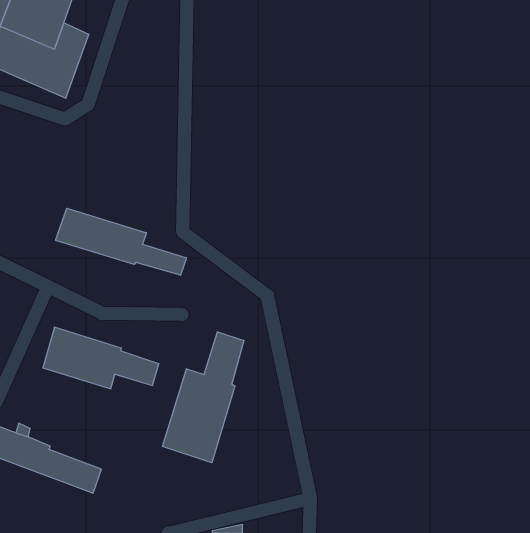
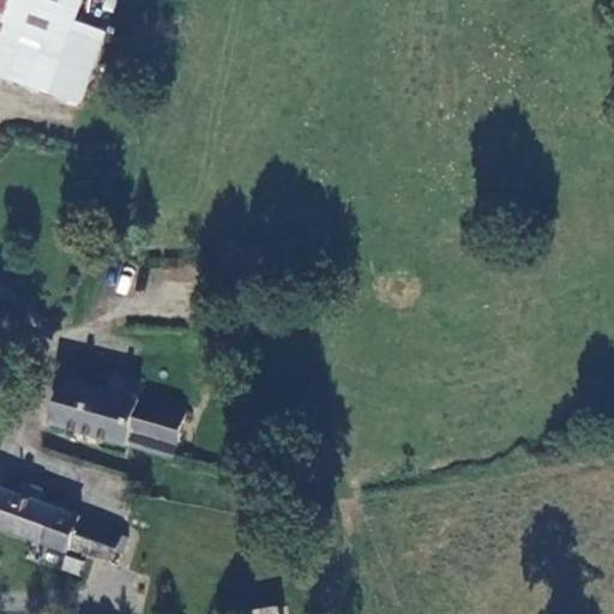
building: [56,208,186,275] -> none
building: [163,332,244,463] -> none

